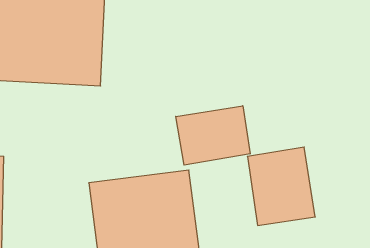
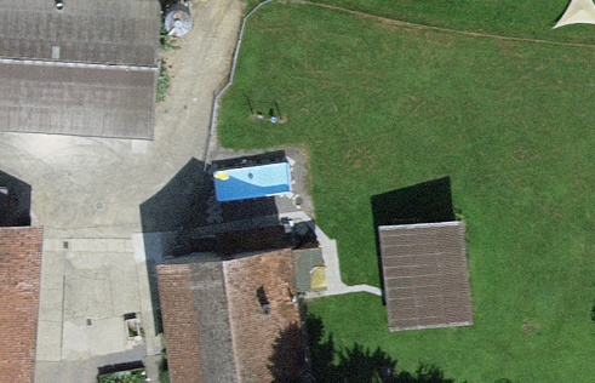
building: [176,106,250,165] -> none

